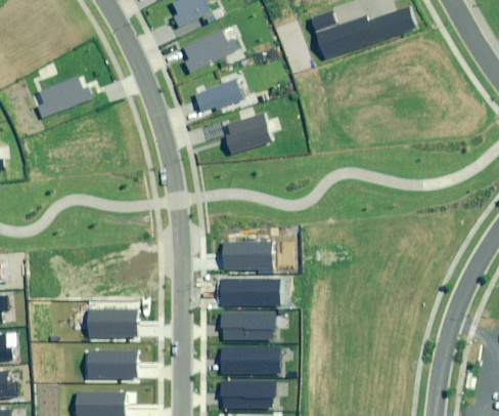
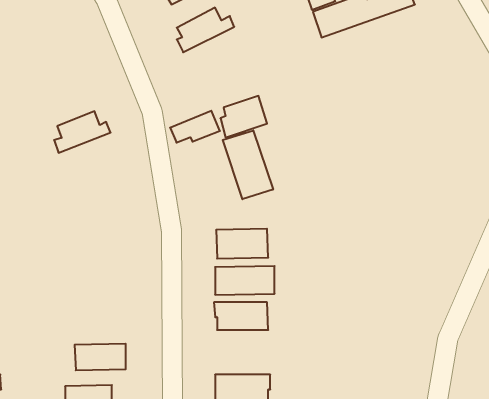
building: [37,77,91,117] -> [54,111,111,153]
building: [194,79,242,110] -> [170,111,220,143]
building: none -> [223,130,273,199]
building: [89,310,135,337] -> none
building: [222,346,279,373] -> none

